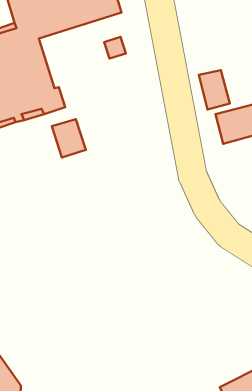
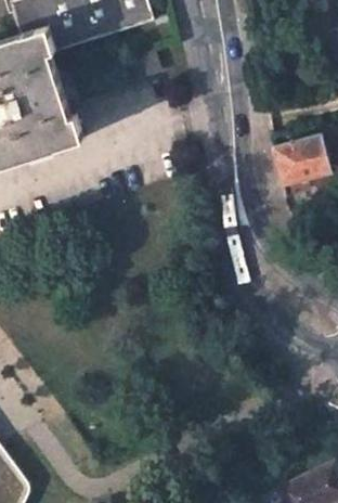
building: [199,70,230,109] -> none
building: [52,119,86,158] -> none

